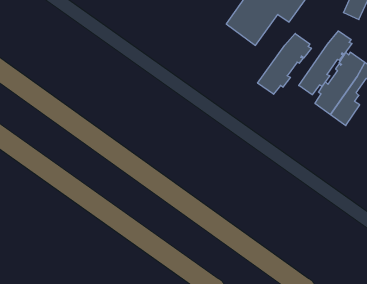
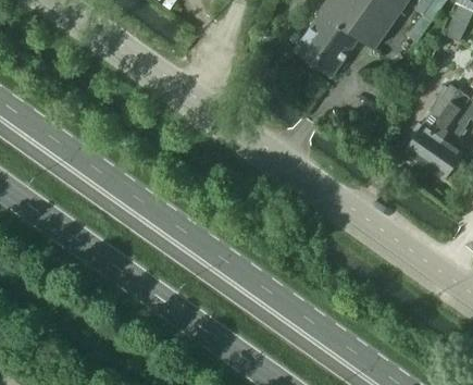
building: [299,31,352,95] -> none
building: [258,33,311,94] -> none

